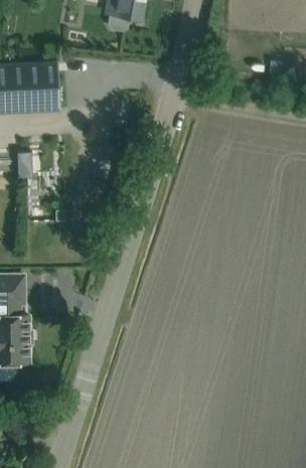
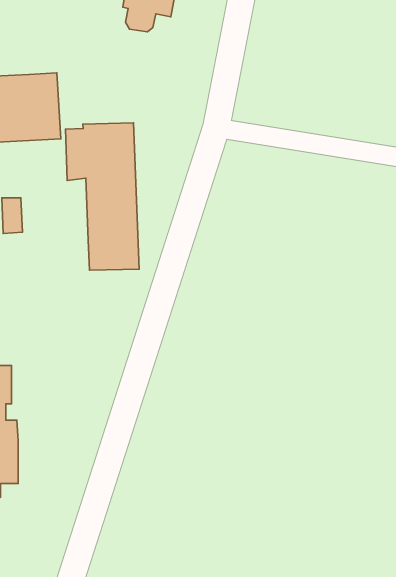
building: none -> [65,123,139,270]

